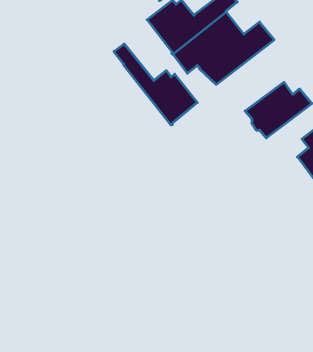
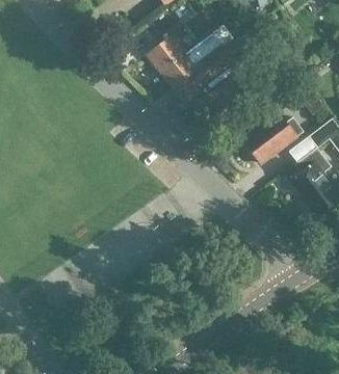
building: [114,44,197,125] -> none

